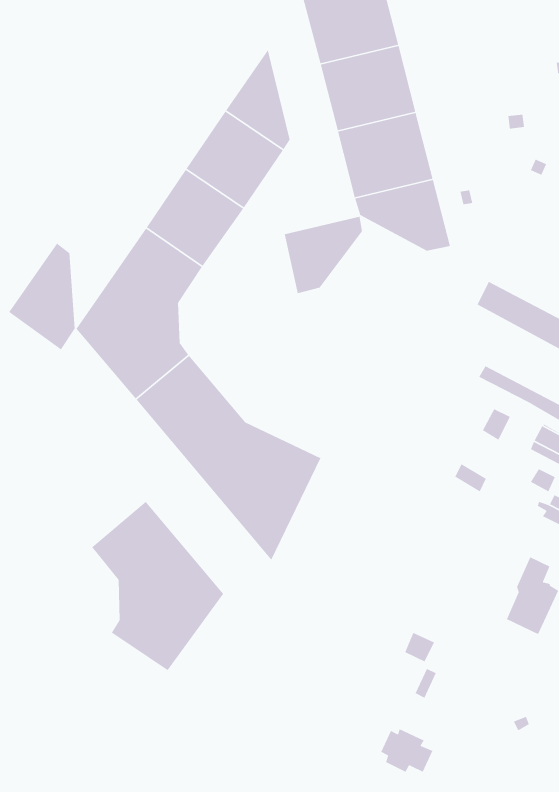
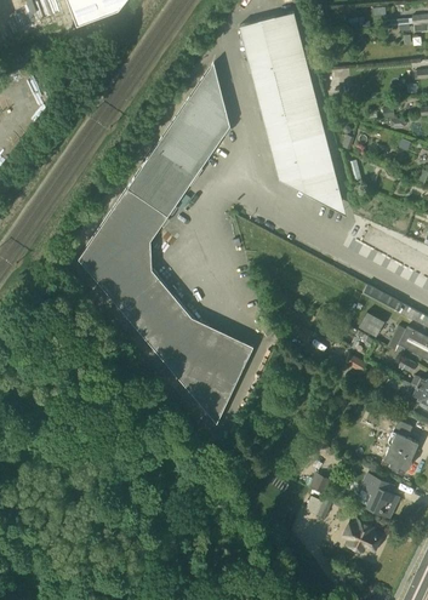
building: [284,216,363,294] -> none
building: [8,242,75,350] -> none
building: [91,501,224,671] -> none
building: none -> [360,474,398,516]
building: [380,728,434,773] -> [343,519,381,550]

